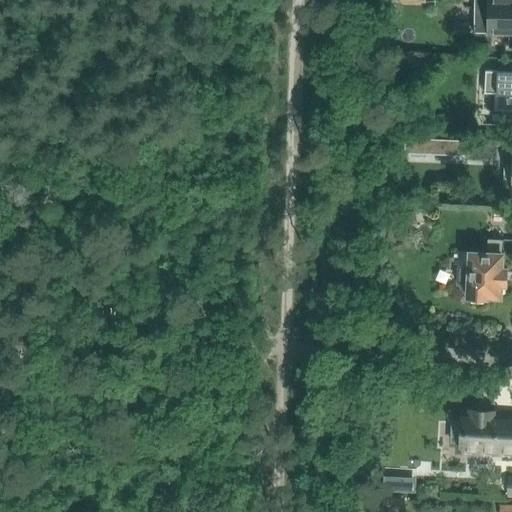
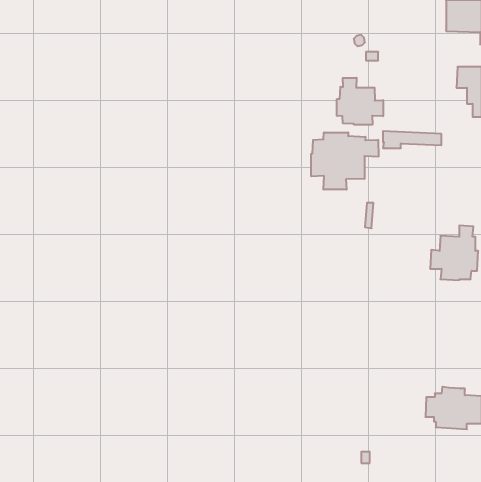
building: none -> [337,78,383,125]
building: none -> [311,132,378,190]

